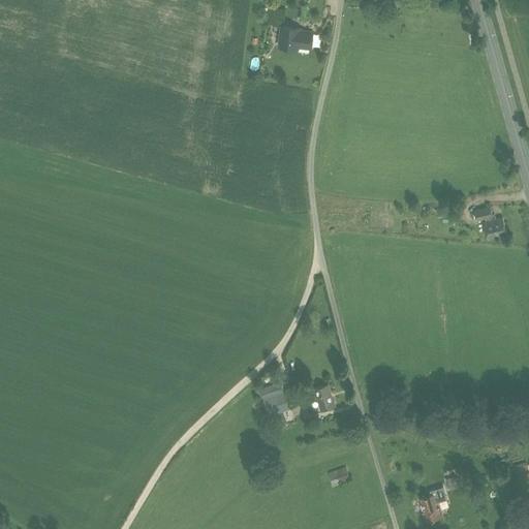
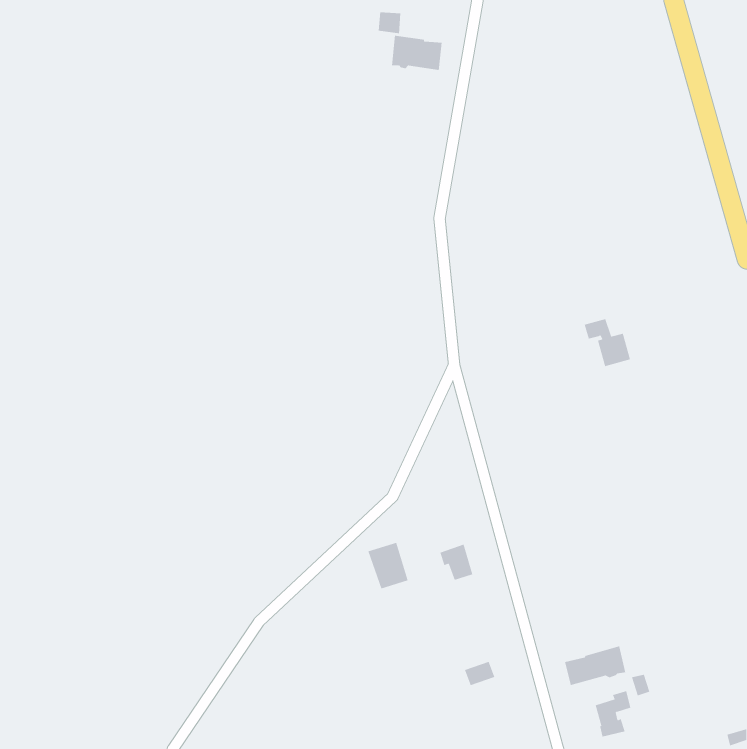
building: [473,206,506,240] -> [584,319,631,367]
building: none -> [564,646,626,686]

